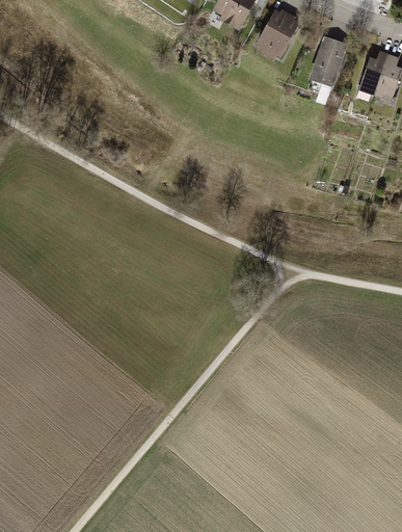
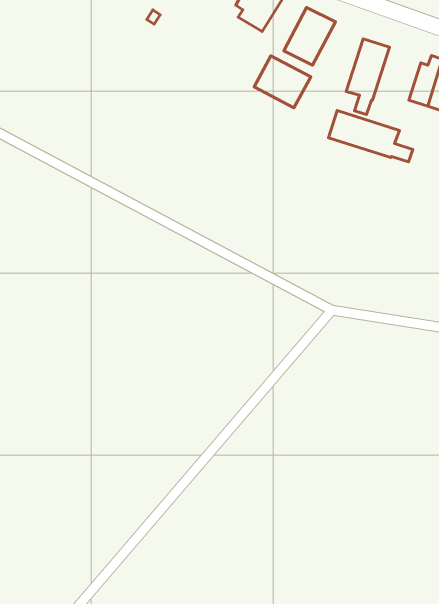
building: none -> [254,56,311,108]
building: none -> [328,111,413,162]

